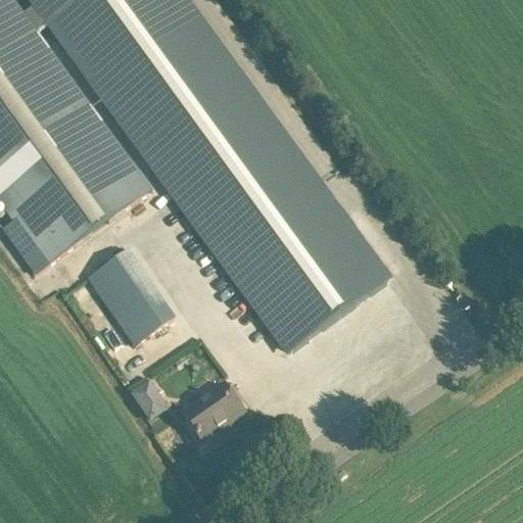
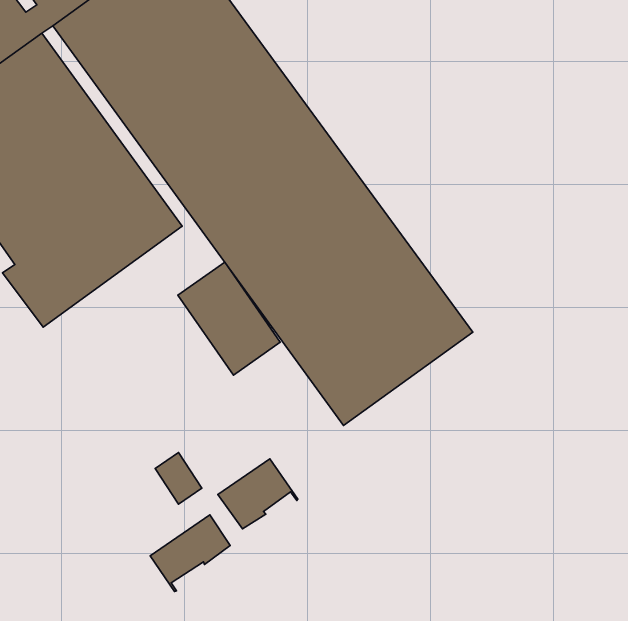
building: [88,248,173,342] -> [178,262,280,375]
building: none -> [150,515,230,592]

